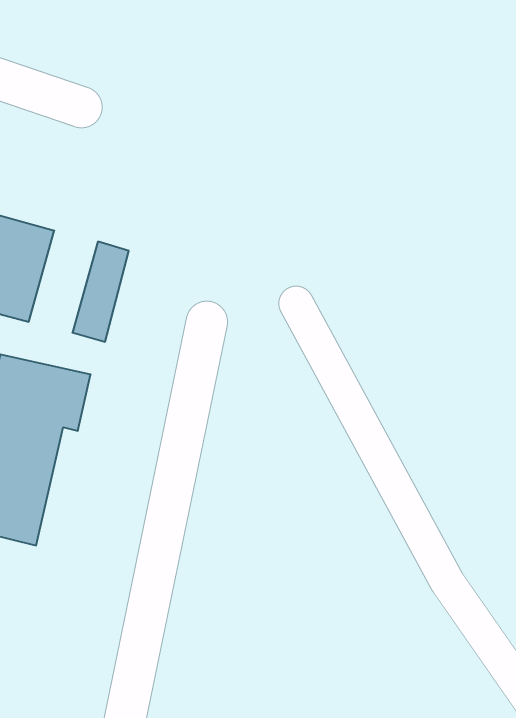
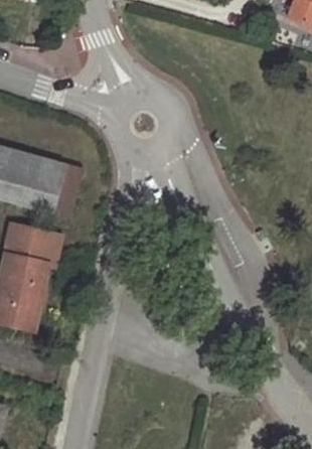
building: none -> [29,156,67,212]

